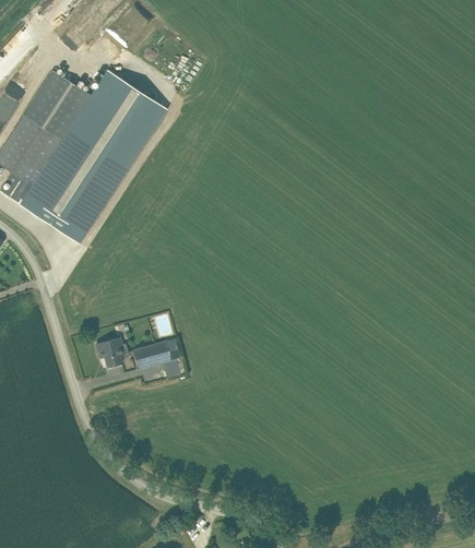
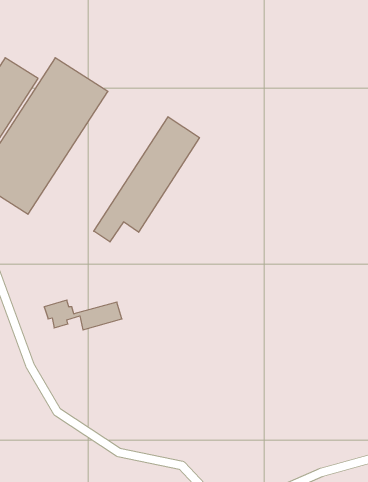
building: none -> [94,117,199,242]

